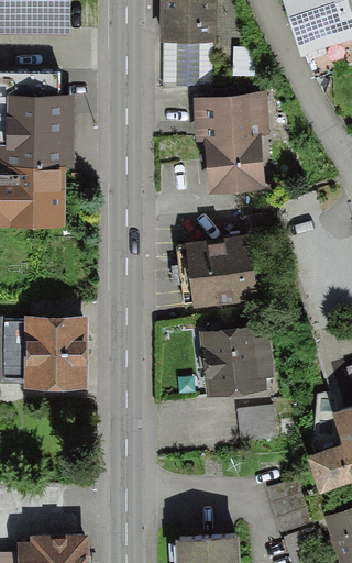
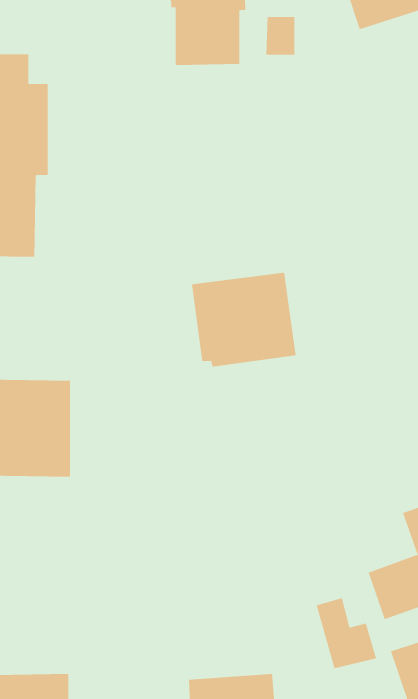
building: [194,96,266,194] -> none
building: [200,325,273,395] -> none
building: [238,404,277,439] -> none

